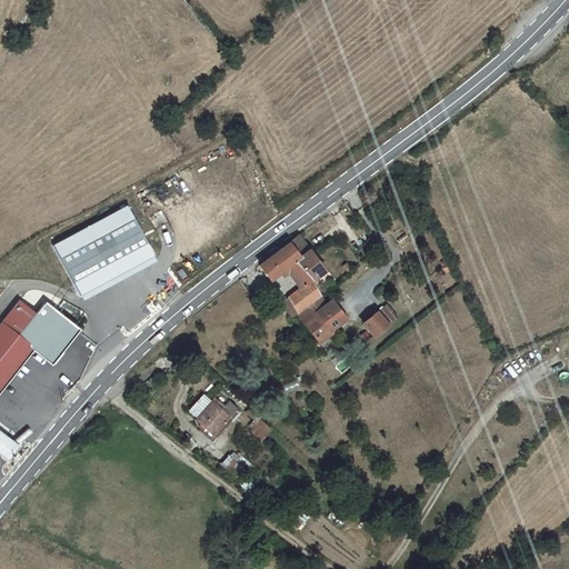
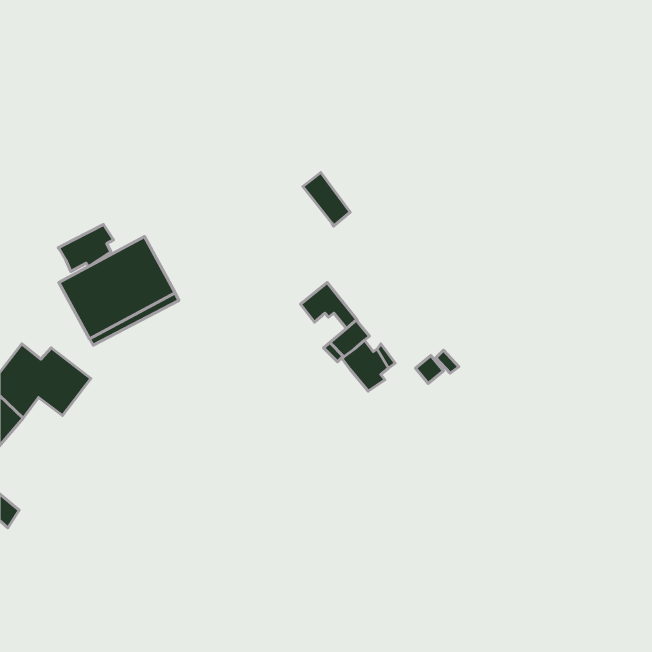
building: none -> [58,224,114,271]
building: [284,234,326,281] -> [303,173,350,226]
building: [187,390,237,432] -> none

